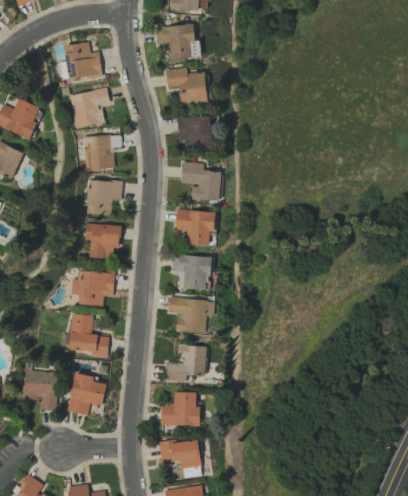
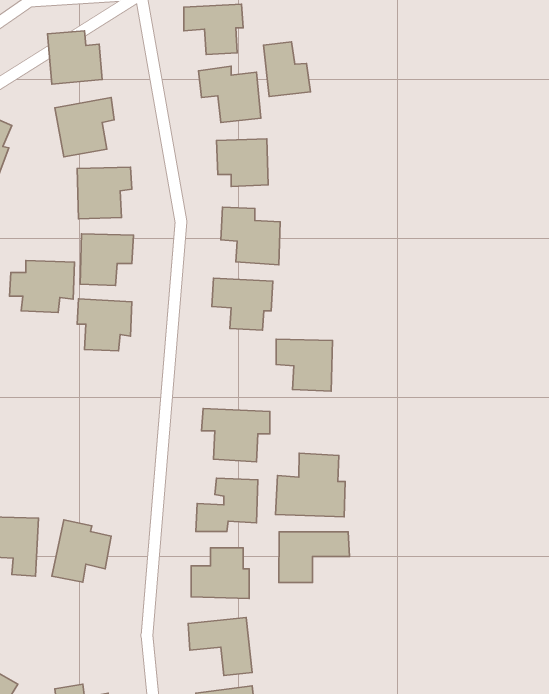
building: none -> [263,42,310,96]
building: [172,255,210,290] -> [276,339,332,391]
building: [70,271,114,306] -> [9,261,75,312]
building: [69,314,109,357] -> none
building: none -> [275,453,345,517]
building: none -> [279,532,350,583]

